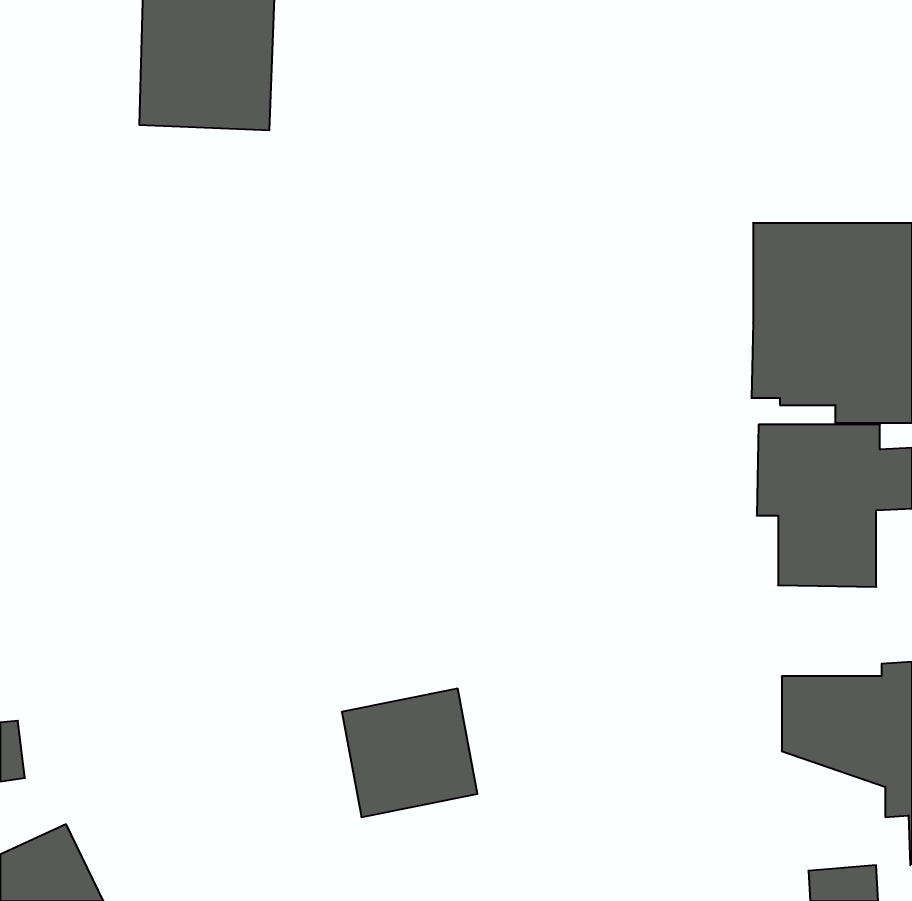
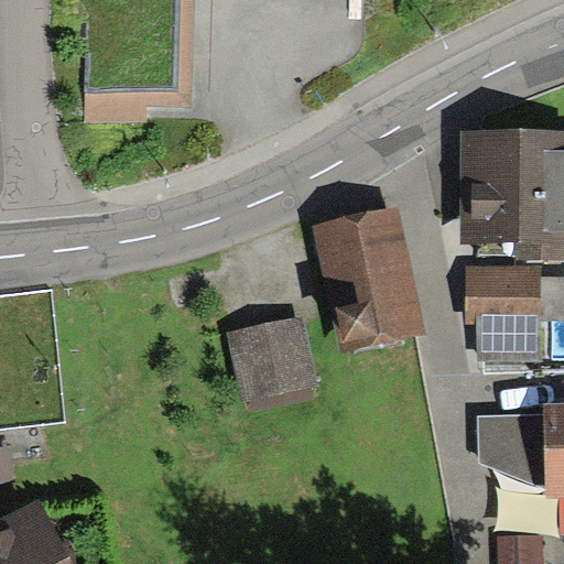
building: none -> [318,209,416,347]
building: [342,689,477,817] -> [230,315,314,394]

